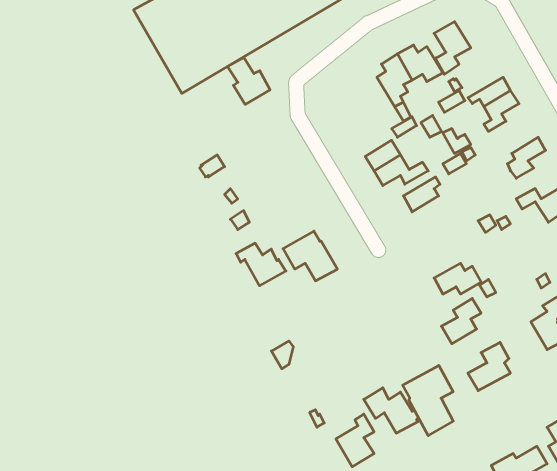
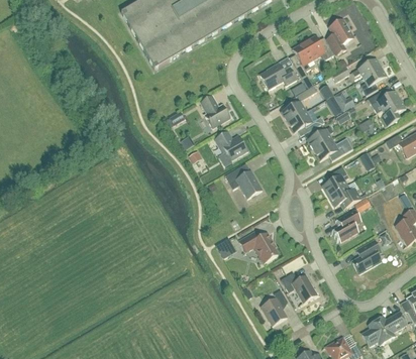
building: [228,58,270,104] -> [200,95,229,127]
building: none -> [259,62,296,88]
building: none -> [368,89,400,112]
building: none -> [313,136,352,159]
building: none -> [322,165,348,195]
building: [236,243,286,286] -> [214,130,248,159]
building: none -> [238,230,277,261]
building: [403,365,453,436] -> none

